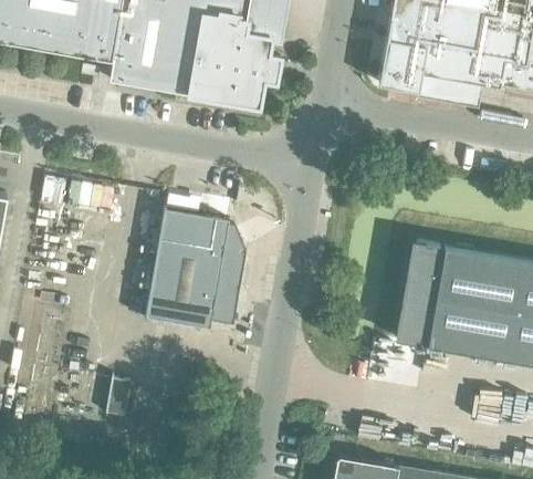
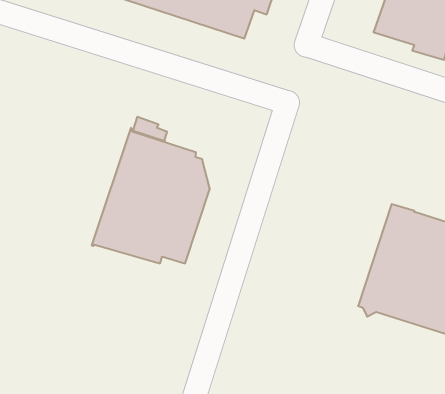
building: [106,375,130,418] -> none

